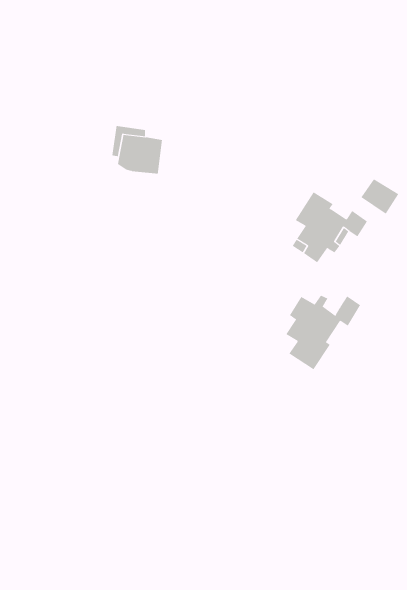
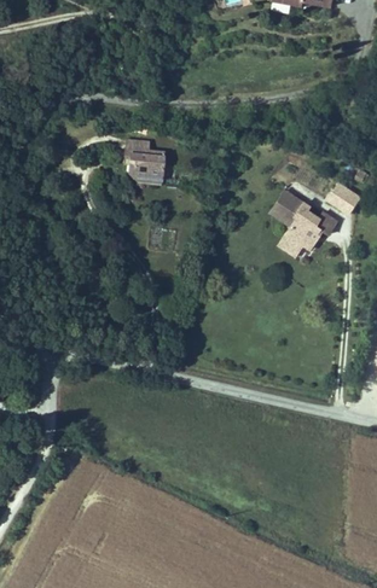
building: [286,295,361,370] -> none

